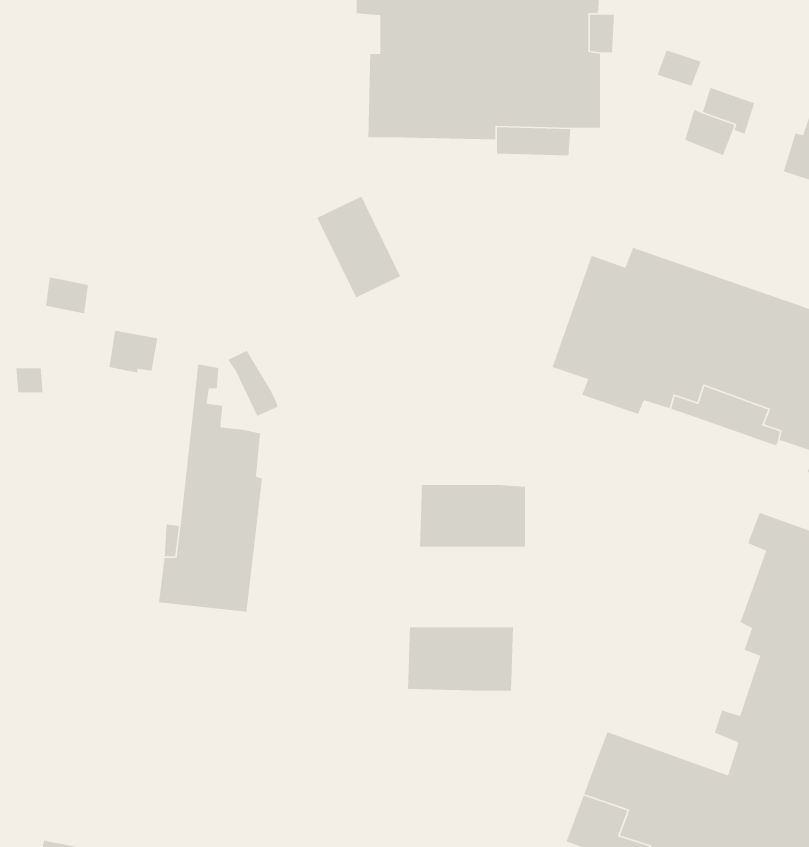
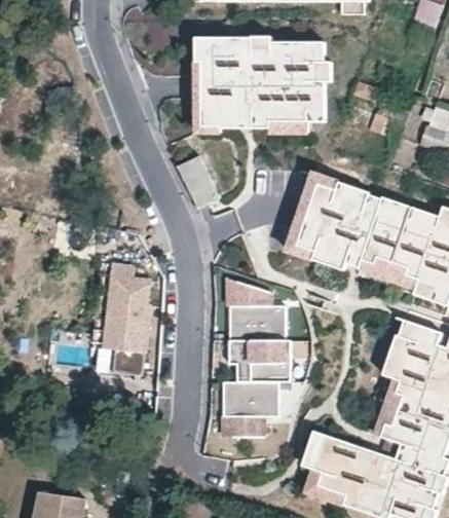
building: none -> [194,60,221,133]
building: none -> [285,171,340,260]
building: none -> [226,276,270,304]
building: none -> [238,337,290,378]
building: none -> [223,411,263,435]

